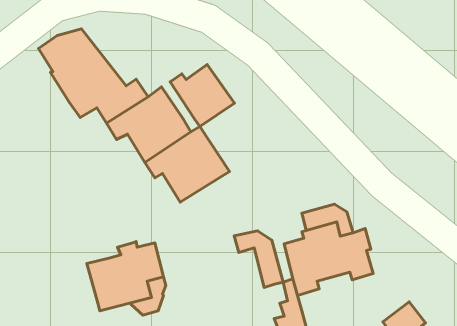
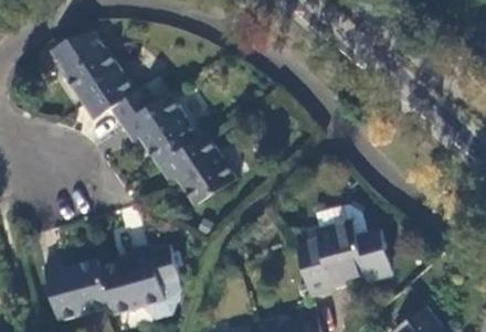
building: [170,65,234,126] -> none
building: [234,231,283,288] -> none
building: none -> [44,259,110,321]

